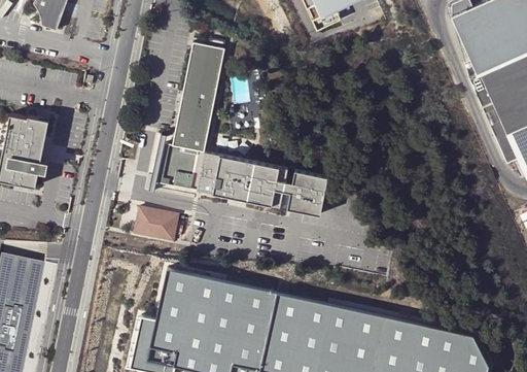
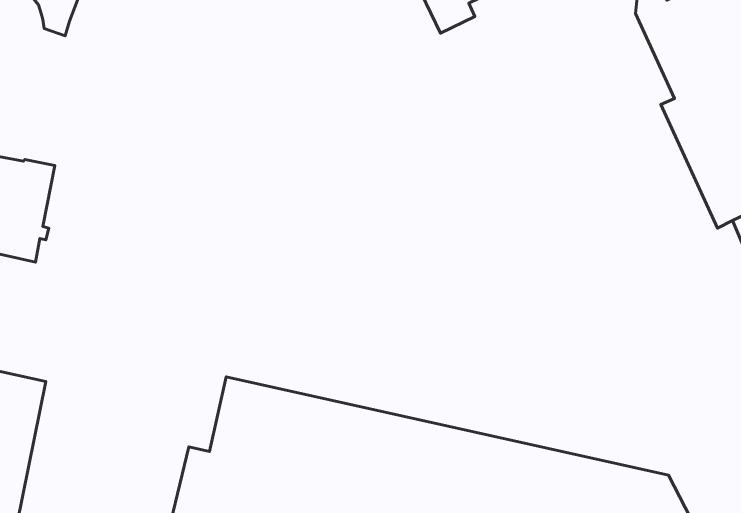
building: [156,41,328,214] -> none
building: [136,207,179,240] -> none

